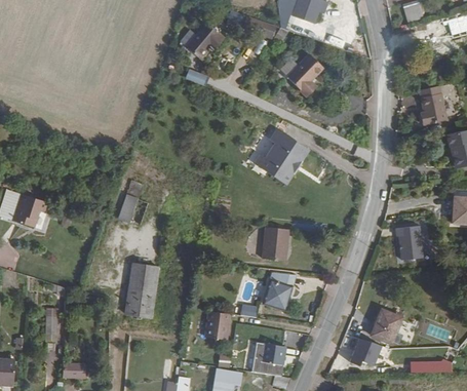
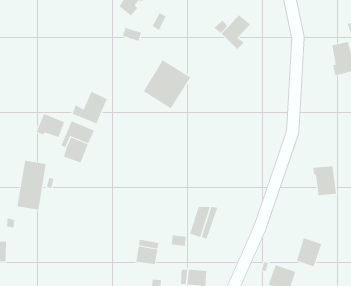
building: [252,132,307,189] -> [143,59,191,109]
building: none -> [72,91,108,124]
building: none -> [36,113,65,138]
building: [261,226,286,261] -> none
building: [123,262,157,318] -> [16,160,46,210]

